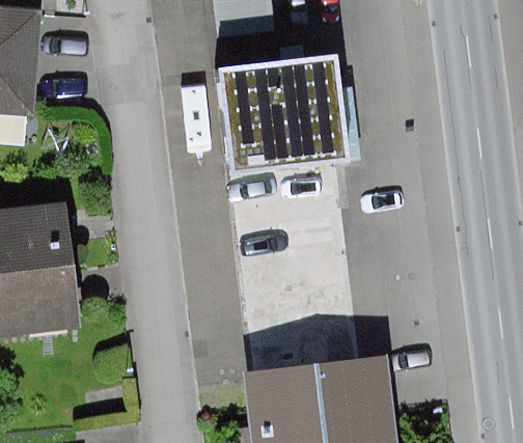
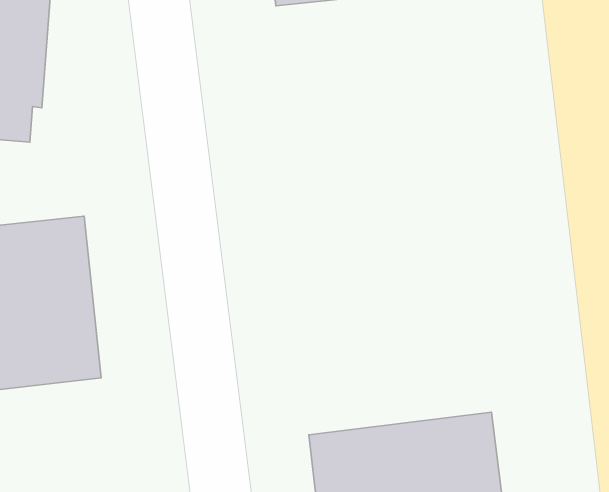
building: [219,55,352,176] -> none

